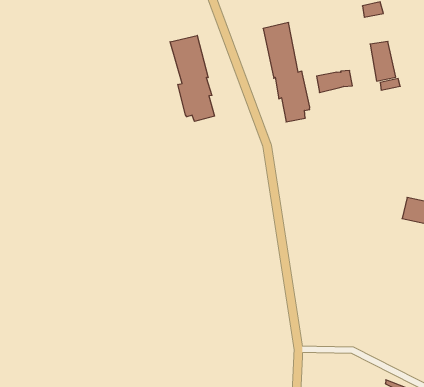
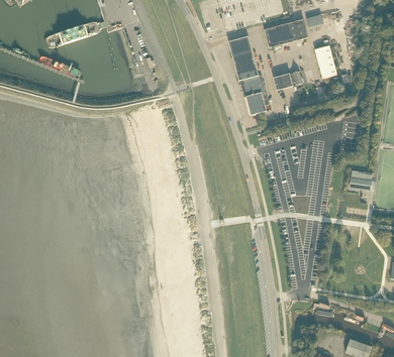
building: none -> [264,18,307,47]
building: [170,35,215,121] -> none

